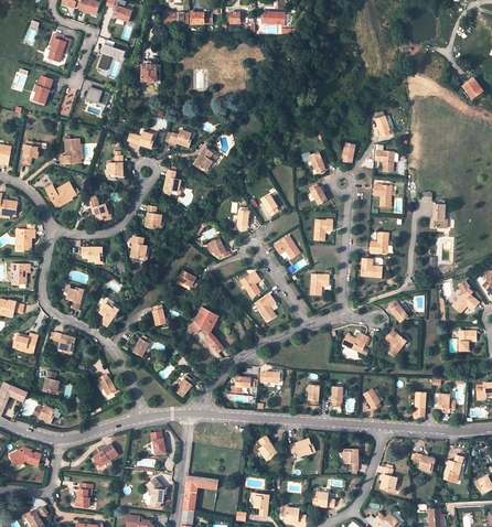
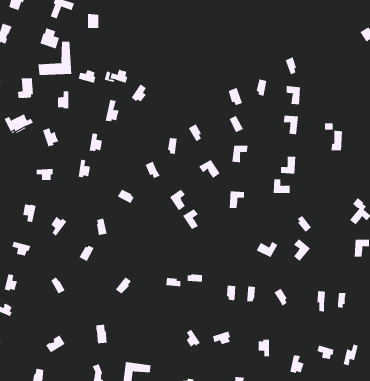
building: none -> [38,41,72,76]
building: [189,306,225,352] -> none

